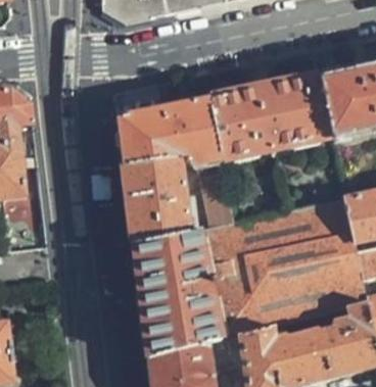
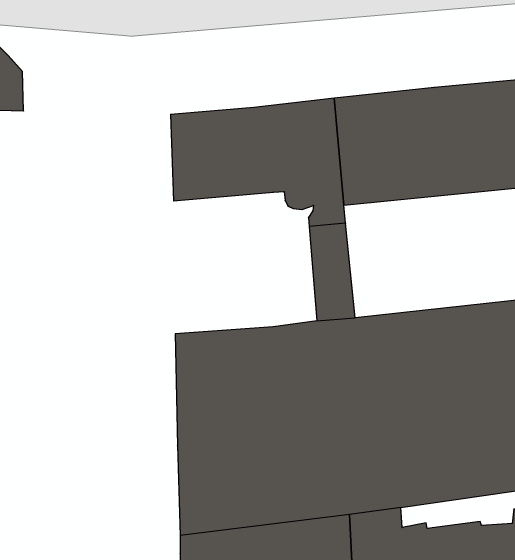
building: [124,156,188,243] -> none

